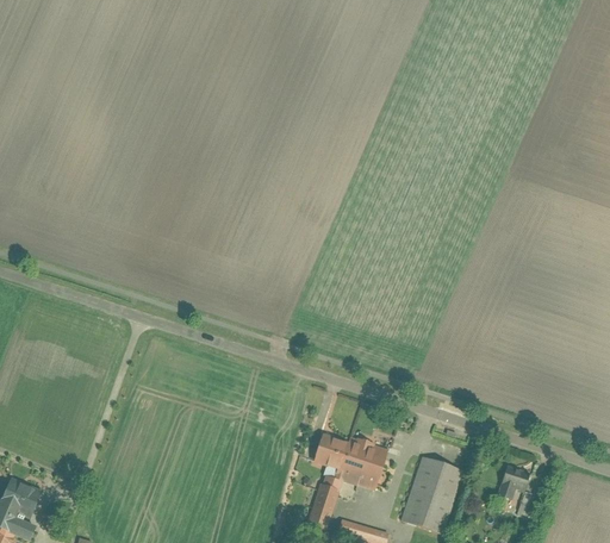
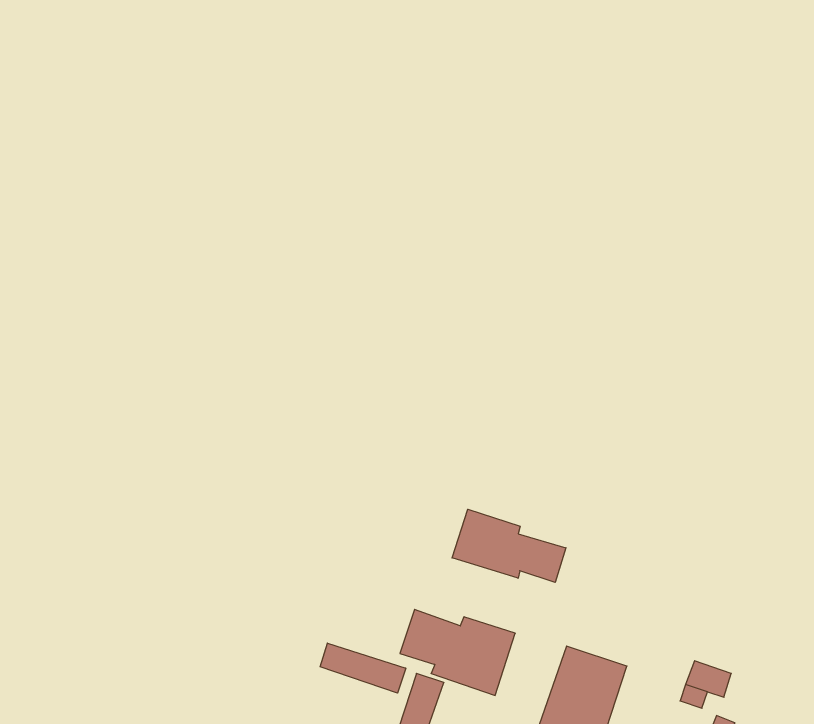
building: none -> [452,509,566,582]
building: none -> [320,643,406,693]

